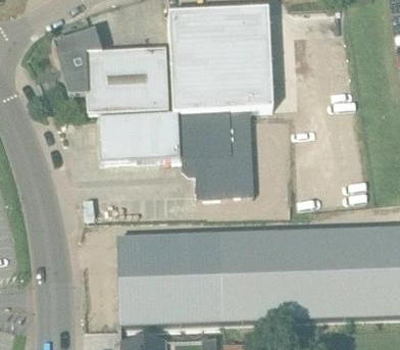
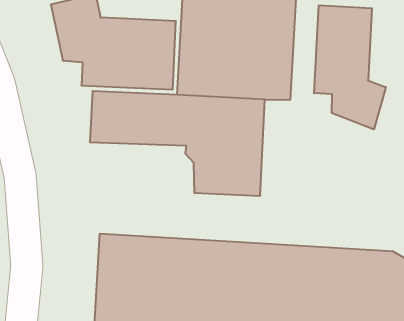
building: none -> [314,5,386,129]

